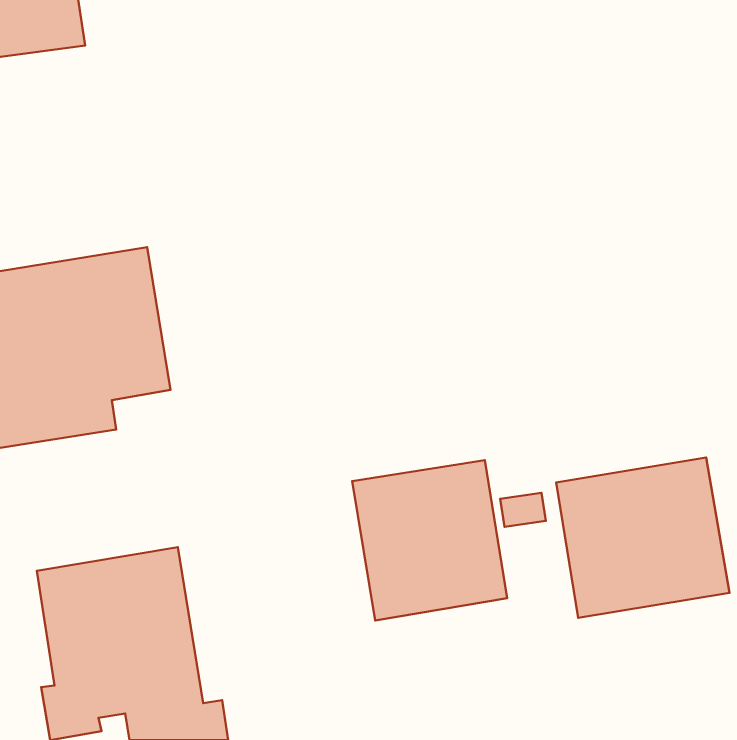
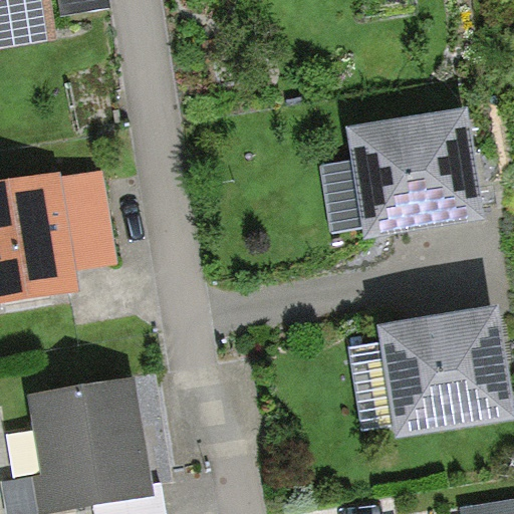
building: none -> [349,115,466,224]
building: [352,460,507,620] -> none

